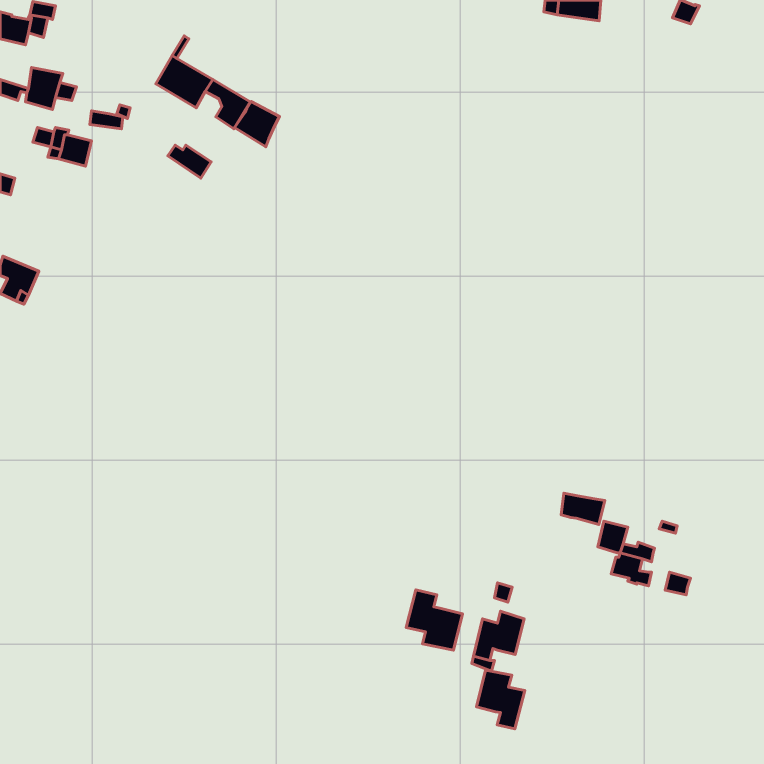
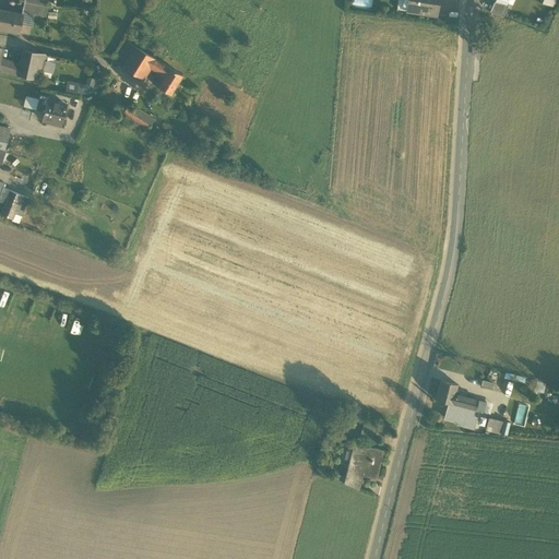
building: [234,101,280,147] -> none
building: [561,493,605,525] -> none
building: [406,590,463,650] -> none
building: [476,670,525,729] -> none

